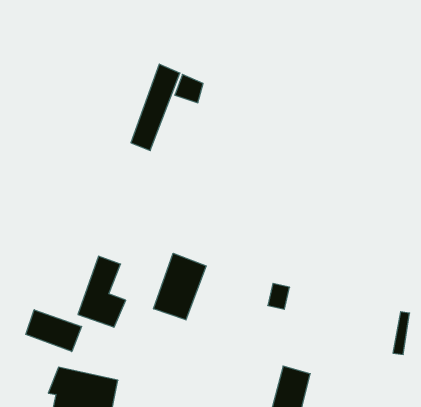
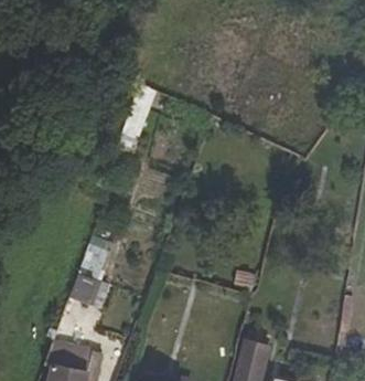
building: [154,253,206,320] -> none
building: [26,310,82,352] -> none

